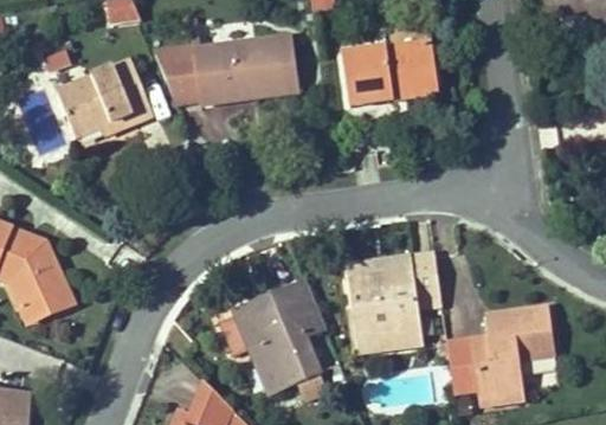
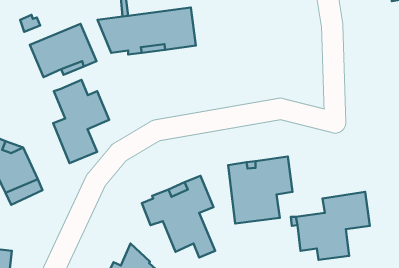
building: [342,41,437,105] -> none
building: none -> [53,80,109,163]

